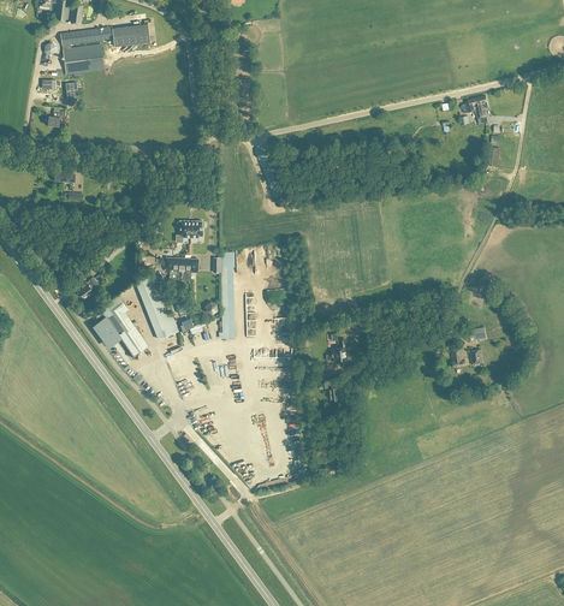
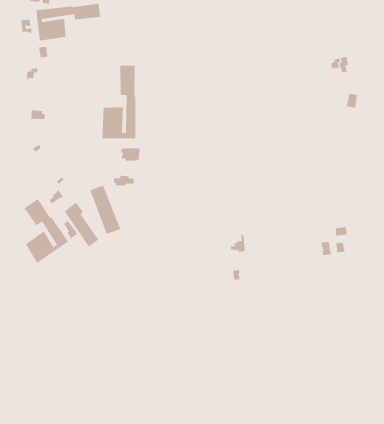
building: none -> [102,65,136,139]
building: none -> [23,198,69,264]

